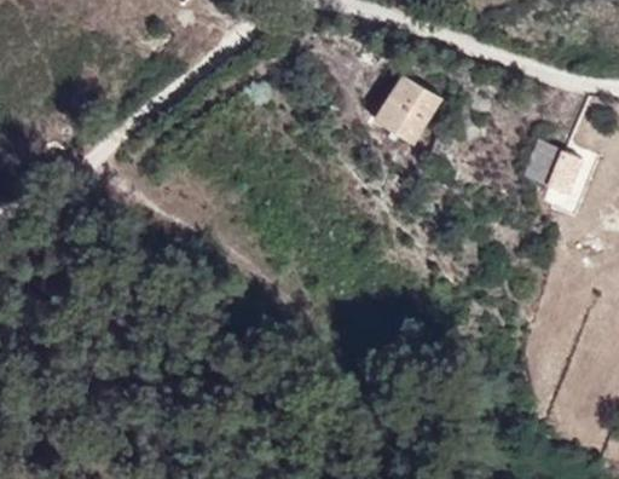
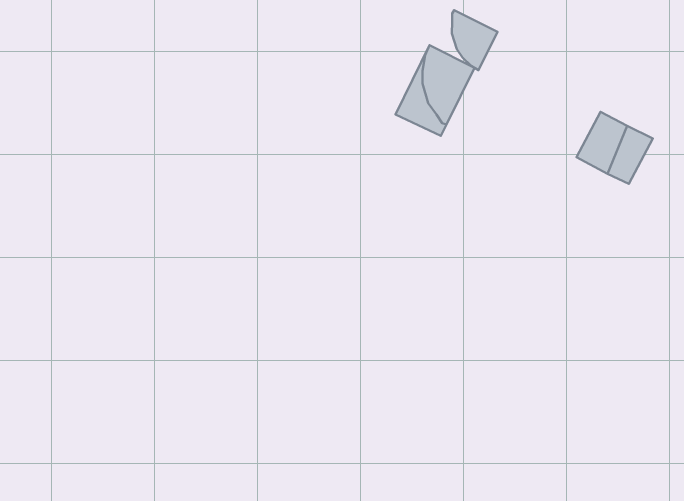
building: none -> [452,10,497,70]

